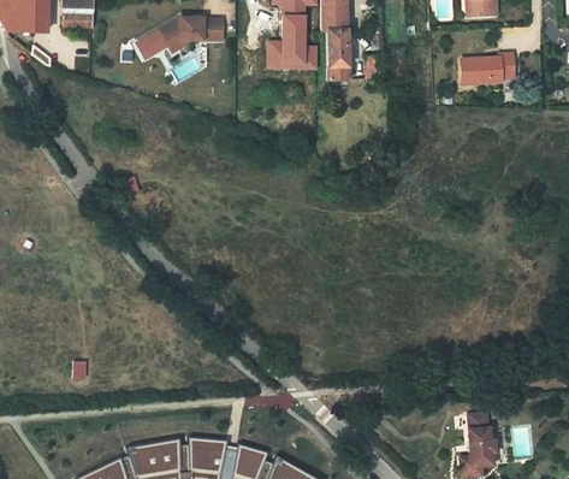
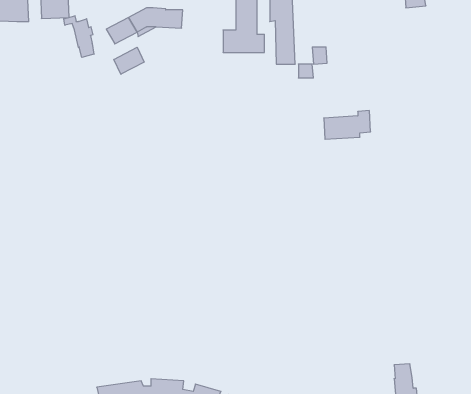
building: none -> [64,16,94,57]
building: [454,55,506,88] -> [324,111,371,139]
building: none -> [114,47,144,74]

